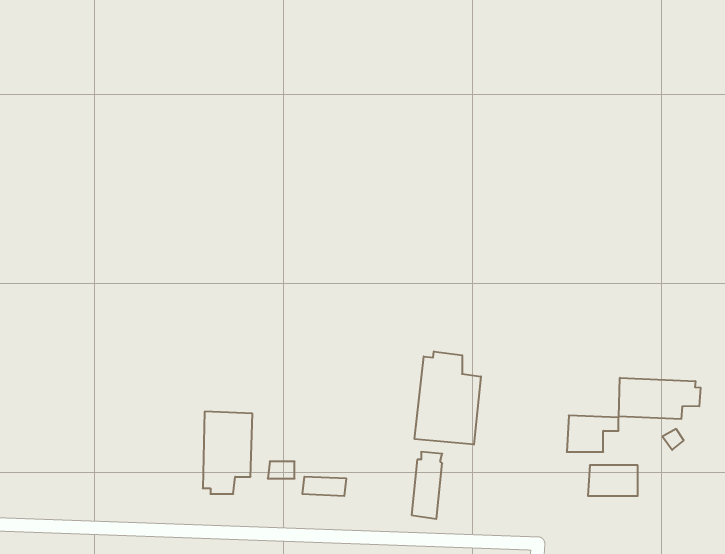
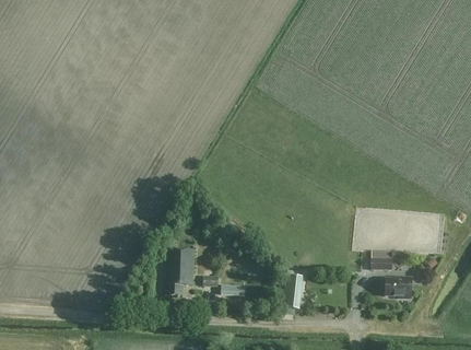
building: [415,351,481,445] -> none
building: [619,378,701,419] -> none

